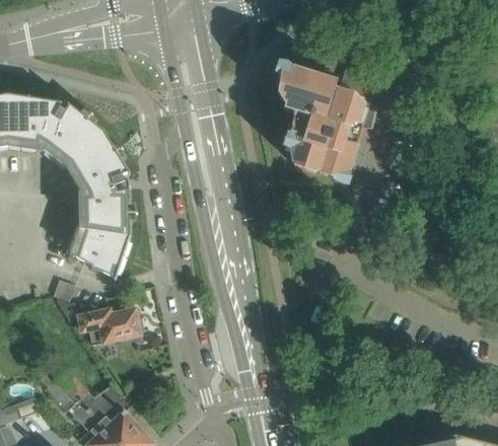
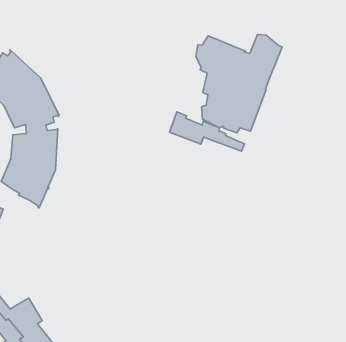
building: none -> [169,112,245,151]
building: [79,310,139,347] -> none

